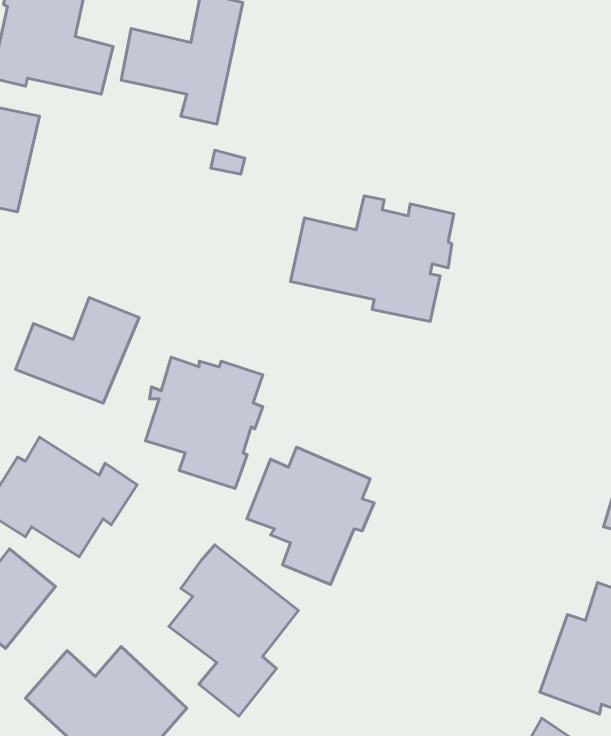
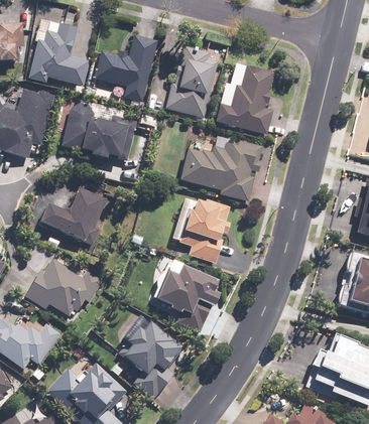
building: none -> [164,53,217,118]
building: none -> [217,61,273,133]
building: none -> [63,103,136,156]
building: [145,357,263,489] -> [170,196,230,263]

